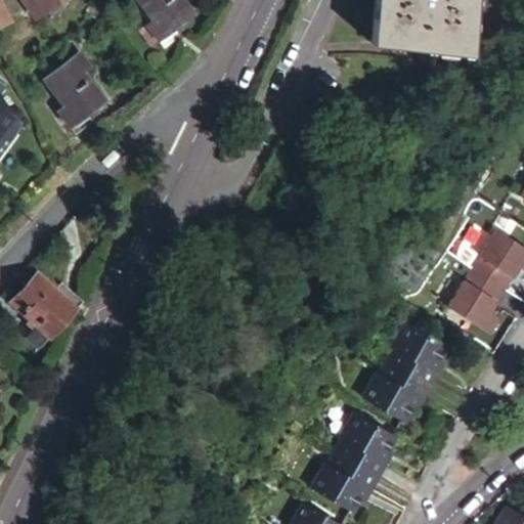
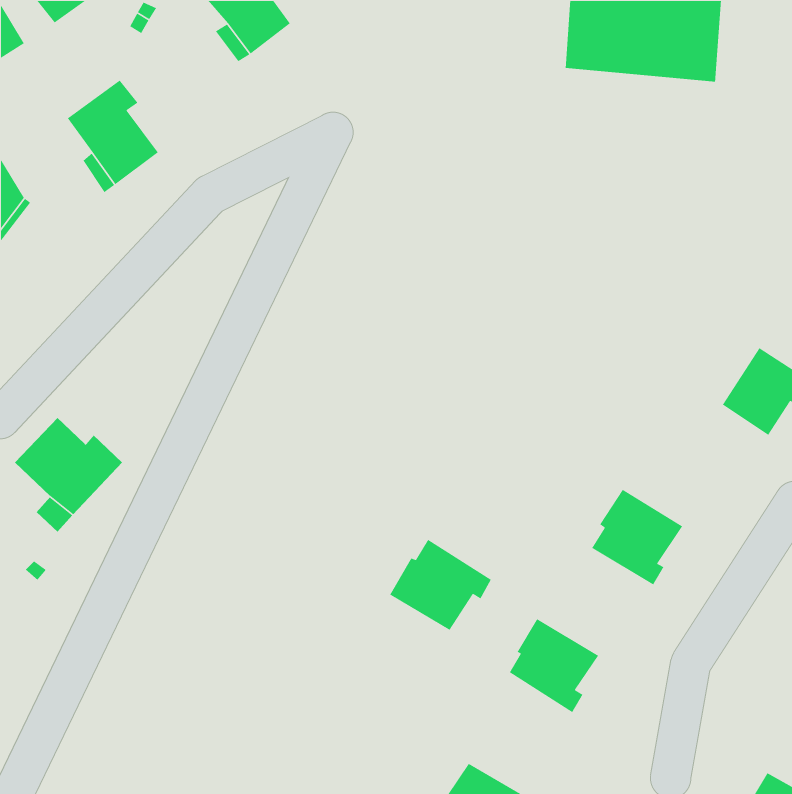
building: [452,267,508,331] -> none
building: [365,361,432,420] -> none
building: [311,443,379,504] -> [389,539,492,631]

